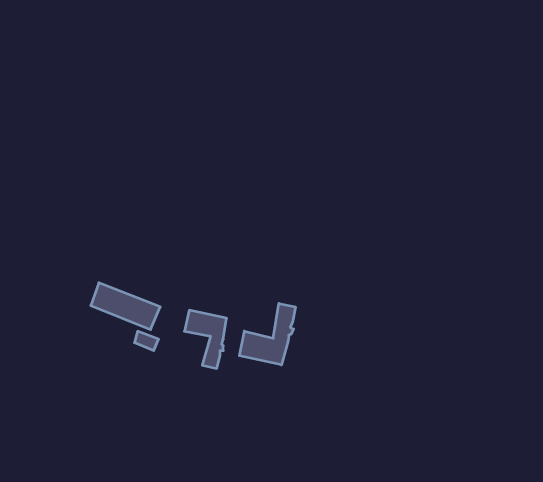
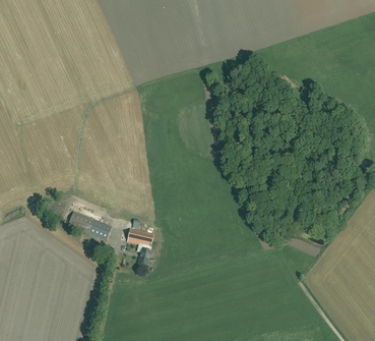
building: [239,303,295,365] -> none

